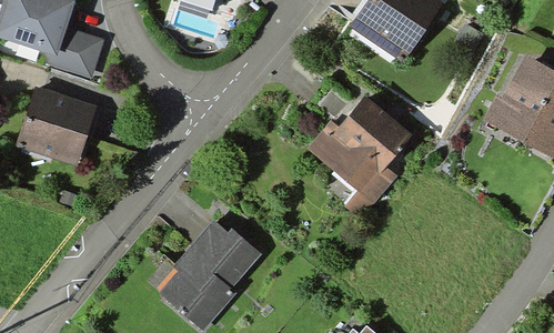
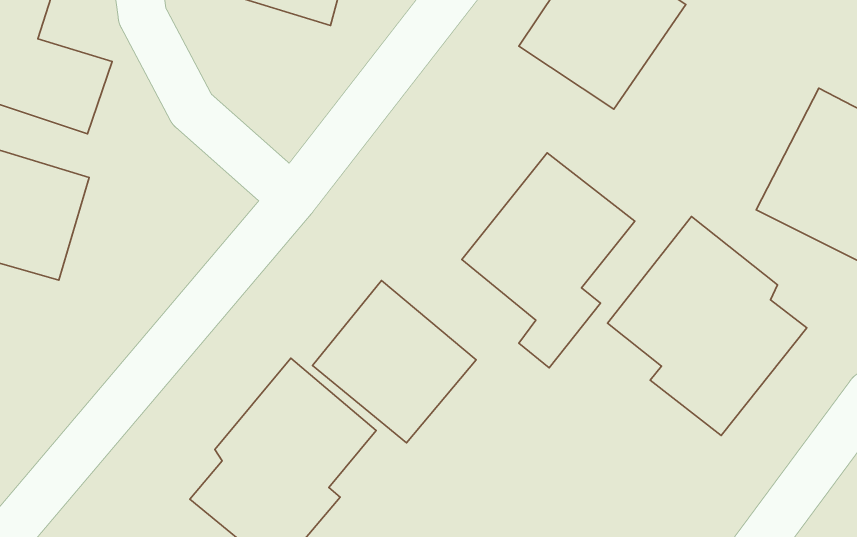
building: none -> [608,216,807,435]
building: none -> [313,281,476,443]

